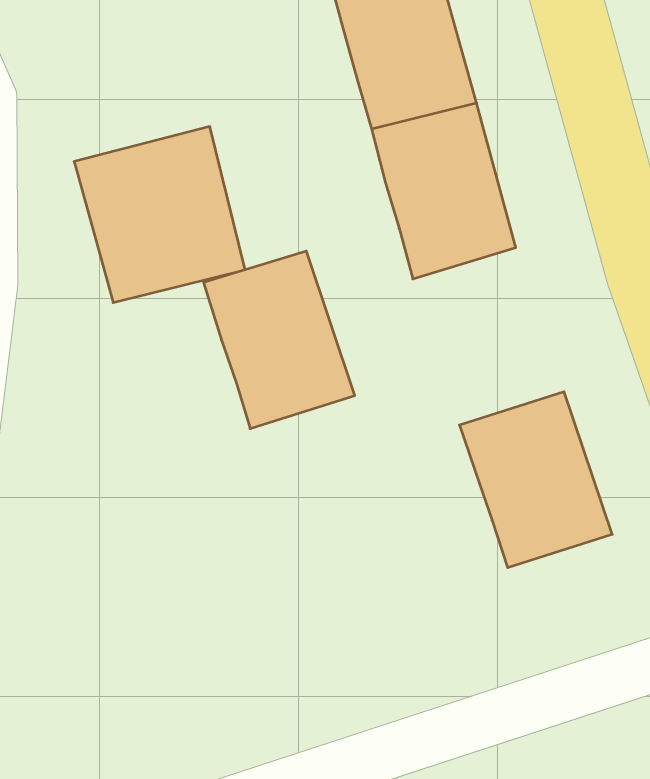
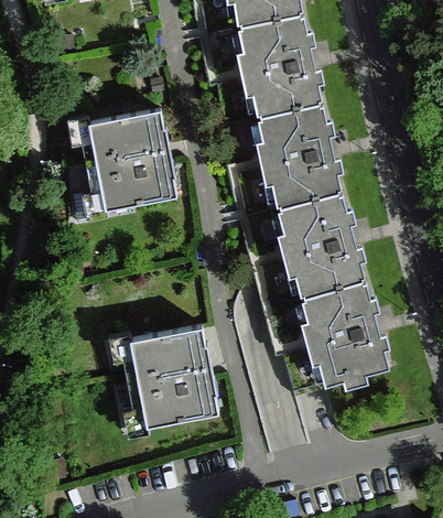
building: [204,251,355,429] -> [277,192,364,296]
building: none -> [119,326,217,428]

